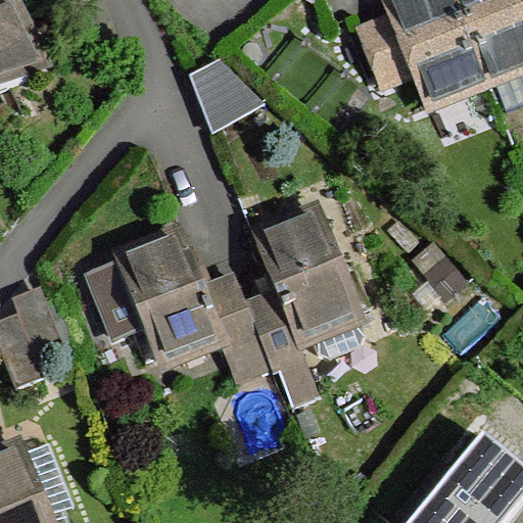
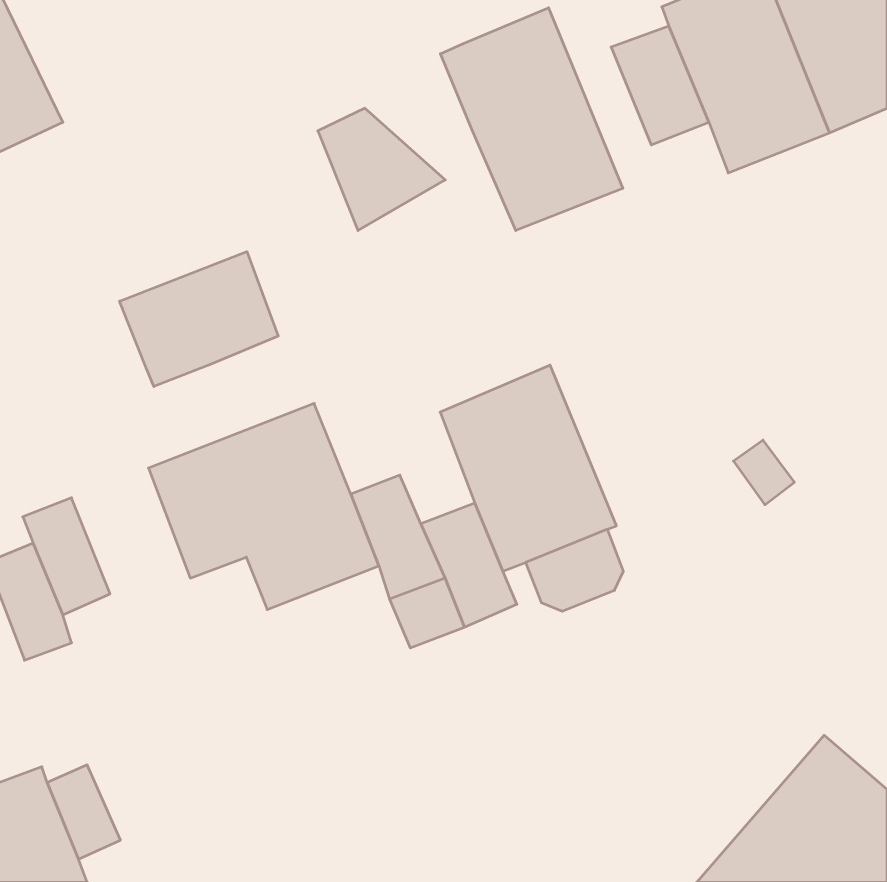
building: none -> [440,8,623,231]
building: none -> [120,252,278,387]

